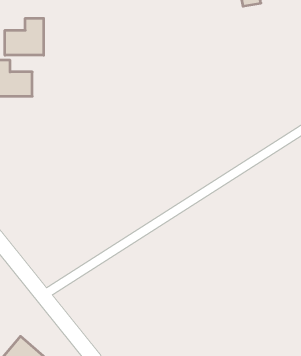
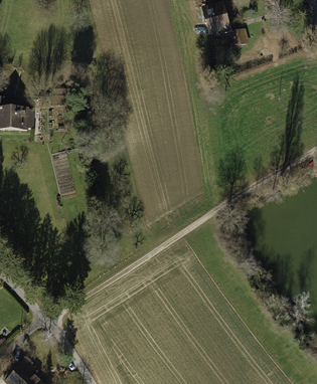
building: [5,18,44,55] -> none

